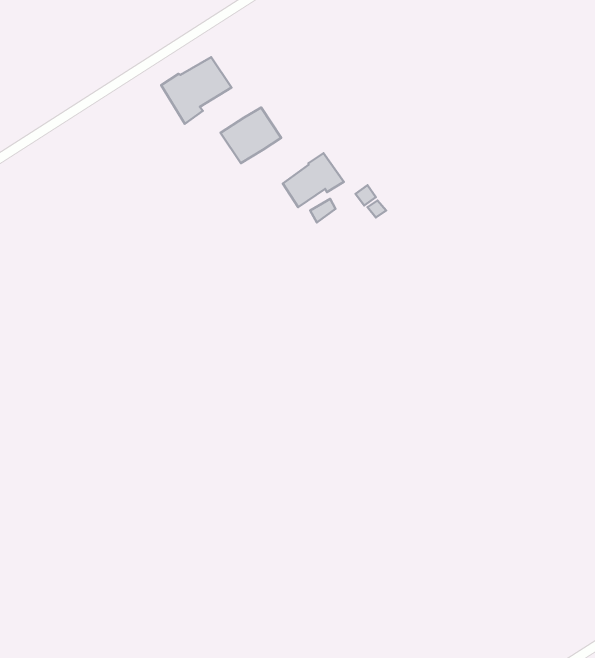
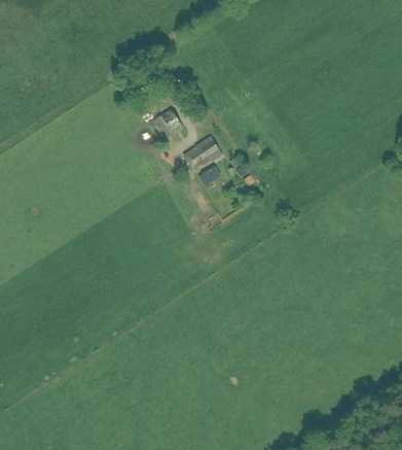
building: [161,57,231,124] -> none

